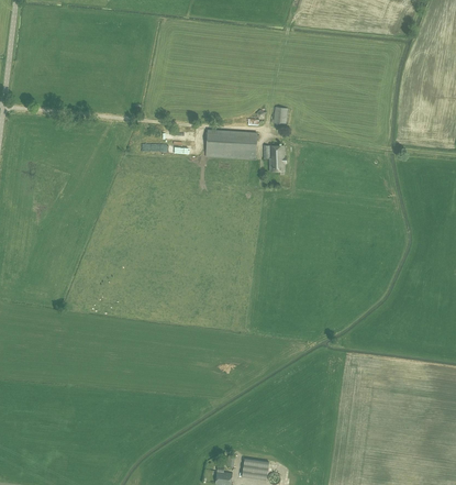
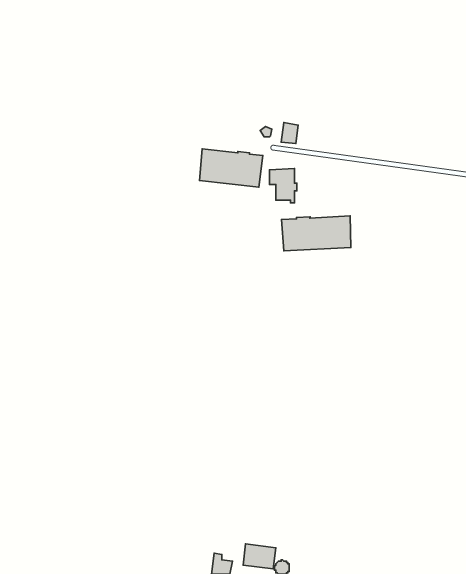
building: none -> [282,216,351,251]

